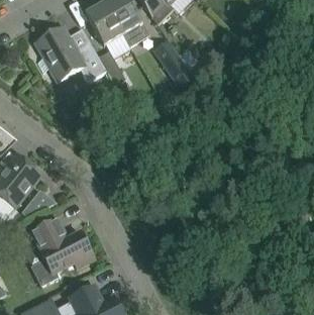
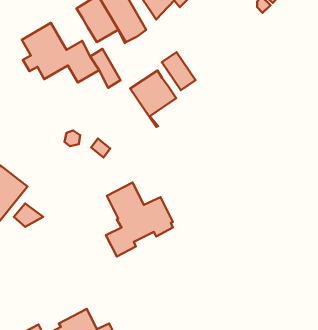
building: none -> [130,71,176,127]
building: [31,218,92,285] -> [106,183,173,257]

